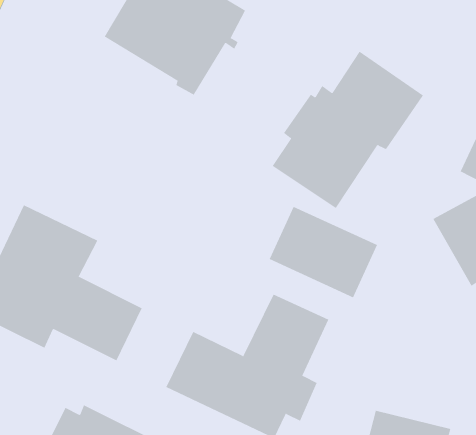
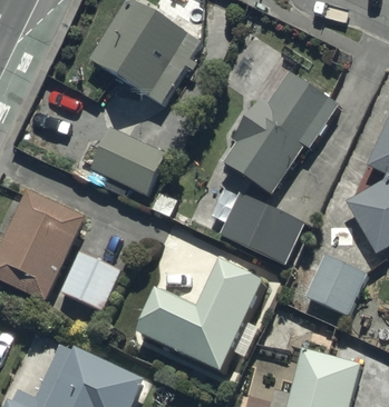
building: none -> [67,128,166,195]
building: none -> [303,255,366,316]

